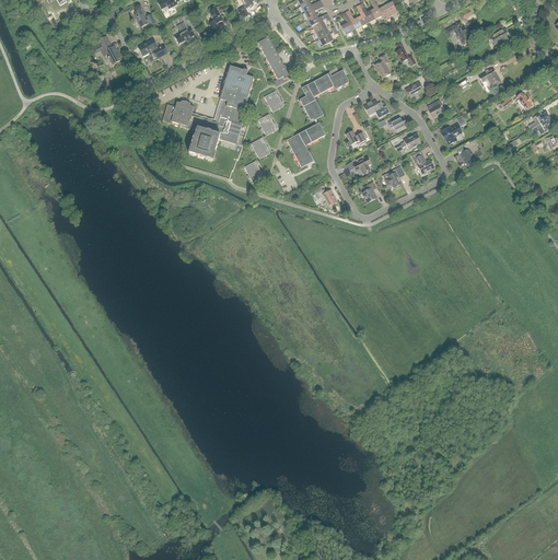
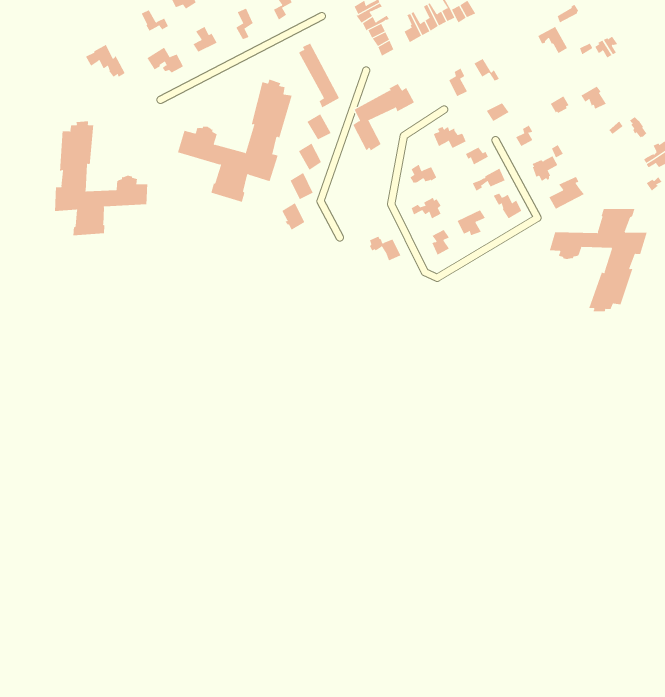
building: none -> [55,120,148,236]
building: [287,121,325,166] -> none
building: none -> [549,208,647,312]

